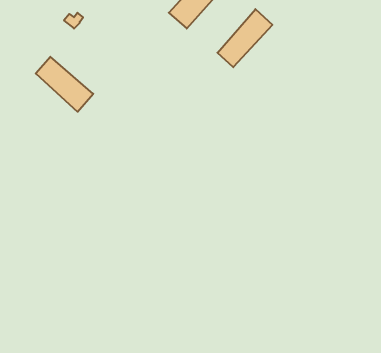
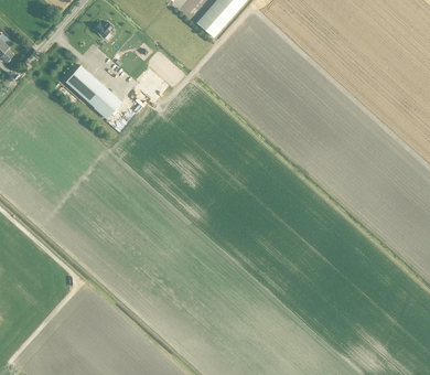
building: [217,9,272,67] -> none

